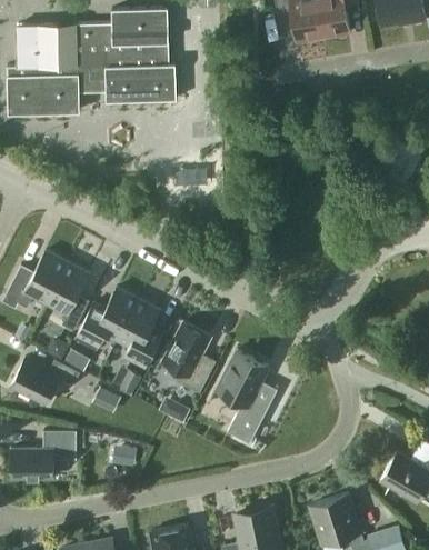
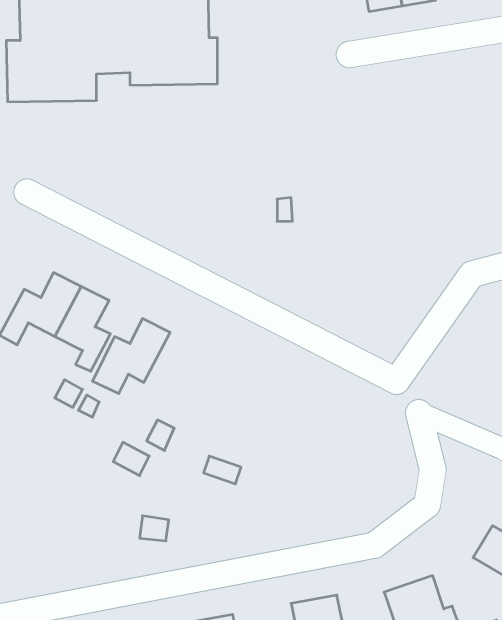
building: [117,299,160,367] -> none
building: [162,322,212,392] -> none
building: [217,350,271,443] -> none
building: [10,359,80,402] -> none
building: [11,431,76,478] -> none

